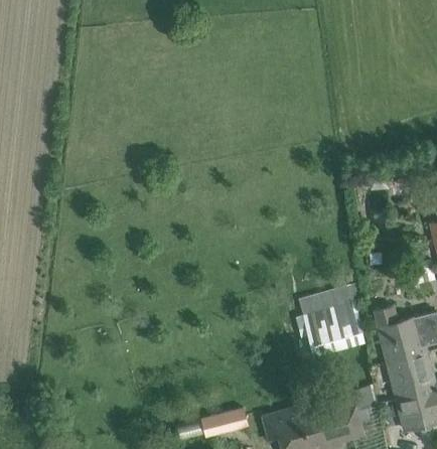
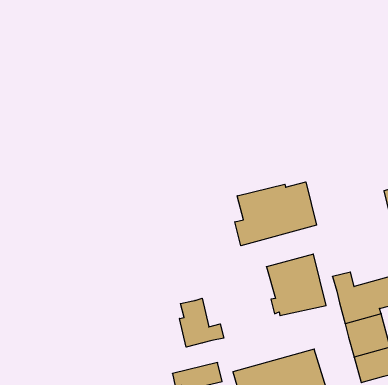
building: none -> [235,182,316,246]
building: none -> [180,298,224,347]

